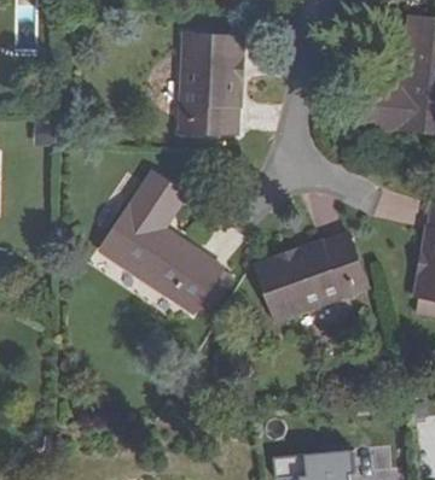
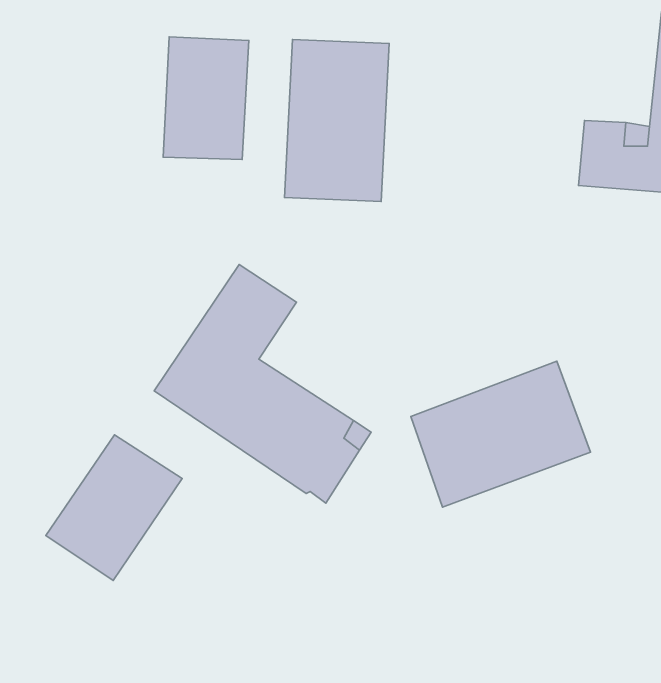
building: none -> [163,37,249,159]
building: none -> [46,435,182,581]

